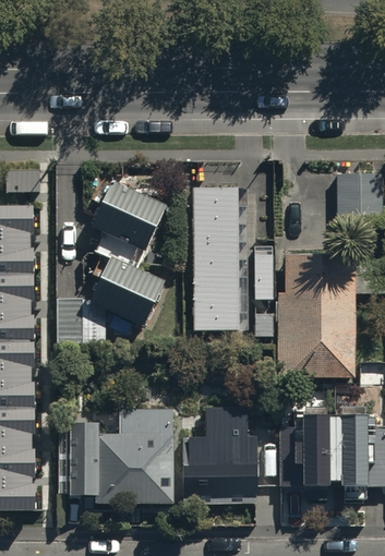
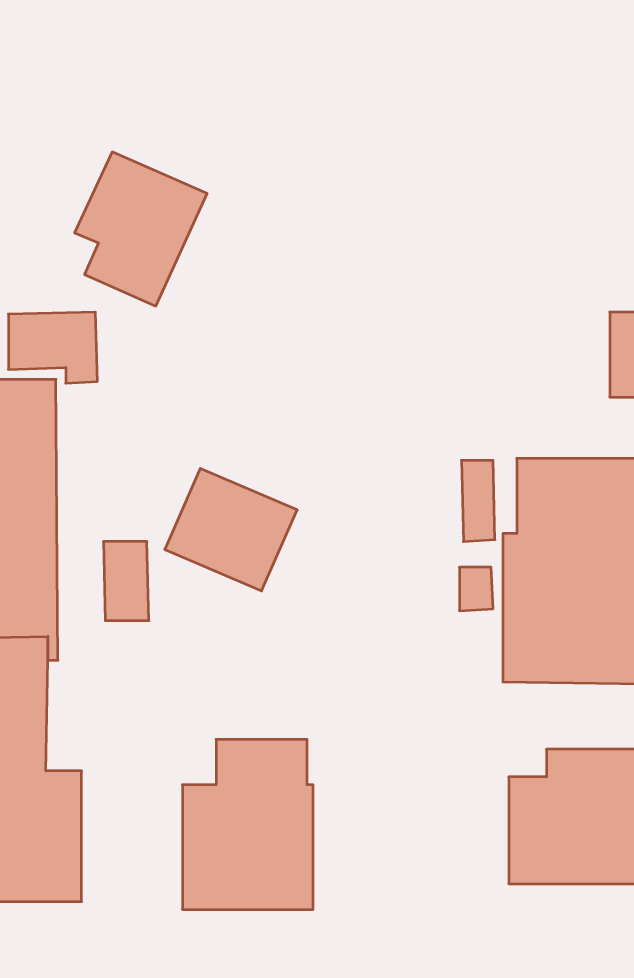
building: [92,181,165,266] -> [75,152,207,306]
building: [193,186,240,331] -> none
building: [184,411,256,503] -> none
building: [57,423,98,496] -> none

